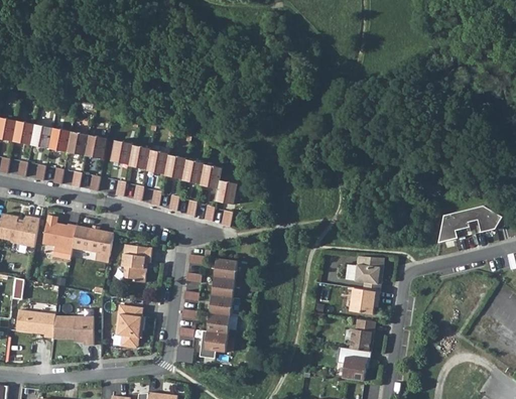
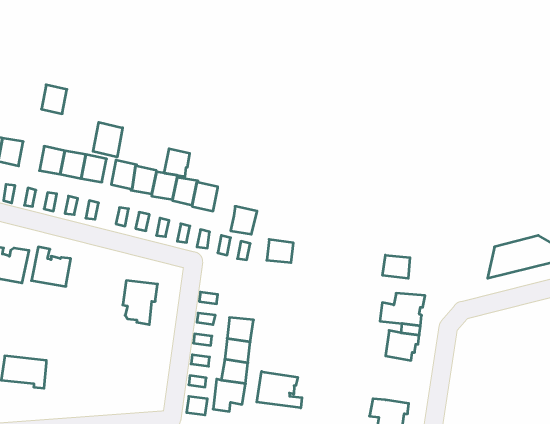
building: none -> [93,122,123,157]
building: [30,124,52,149] -> [41,85,67,114]
building: [200,164,222,188] -> [164,149,190,177]
building: none -> [383,255,410,278]
building: [72,226,113,263] -> none
building: [214,259,237,279] -> [267,239,293,263]
building: [117,305,143,349] -> none
building: [51,316,93,346] -> none
building: [350,319,375,352] -> none
building: none -> [257,371,302,408]

